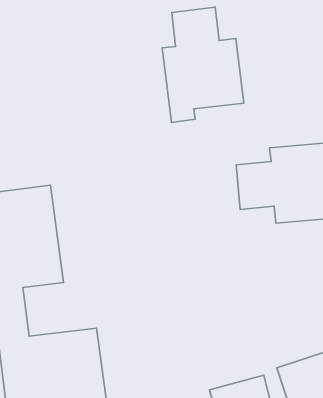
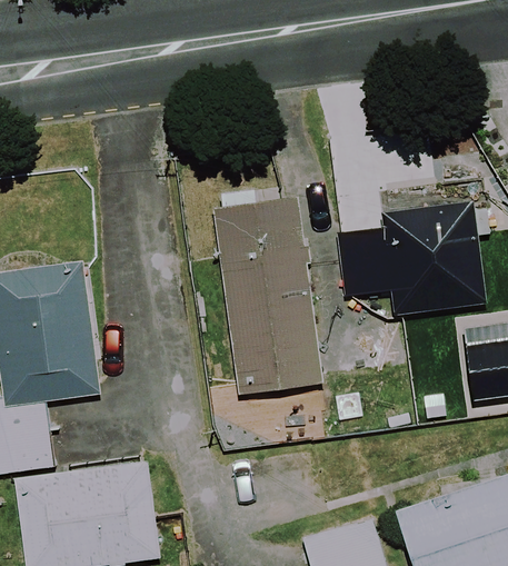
building: [162,7,244,123] -> none
building: none -> [213,185,318,396]

